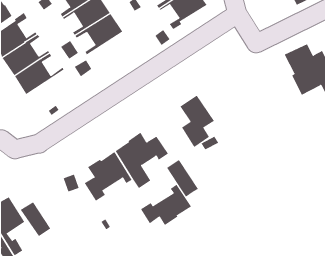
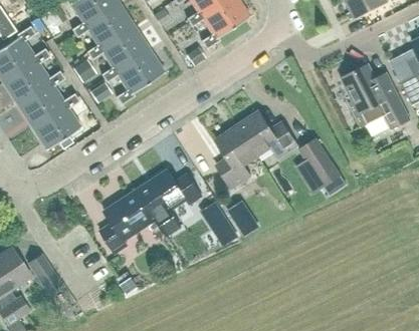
building: none -> [104,49,164,102]
building: none -> [32,94,87,147]
building: none -> [237,110,298,157]
building: none -> [294,137,347,196]
building: [140,184,192,226] -> none

